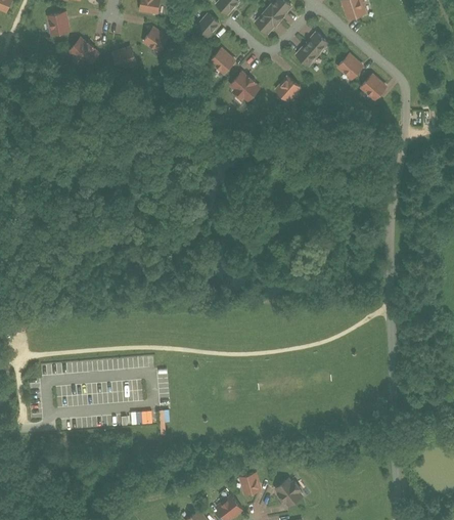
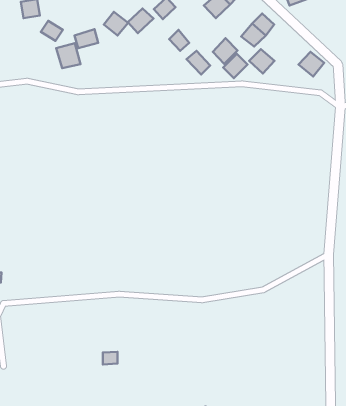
building: none -> [128,9,153,33]
building: [334,53,363,81] -> [249,49,275,74]
building: none -> [213,38,238,64]
building: none -> [56,43,80,68]

